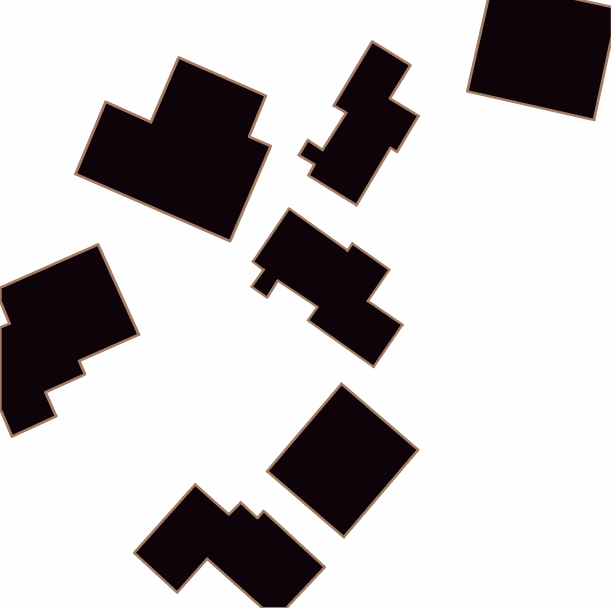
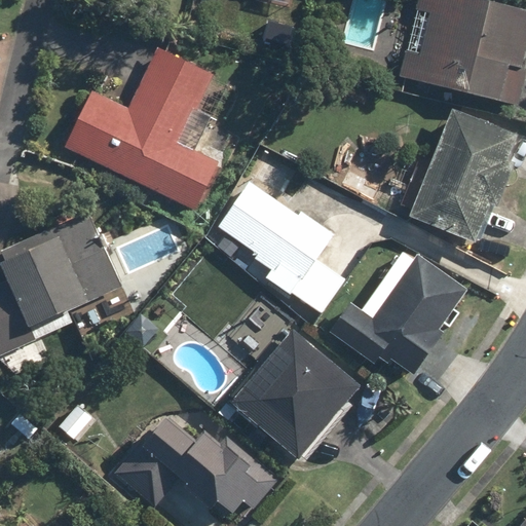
building: [299,42,419,205] -> none
building: none -> [402,110,517,245]
building: none -> [329,255,465,378]

